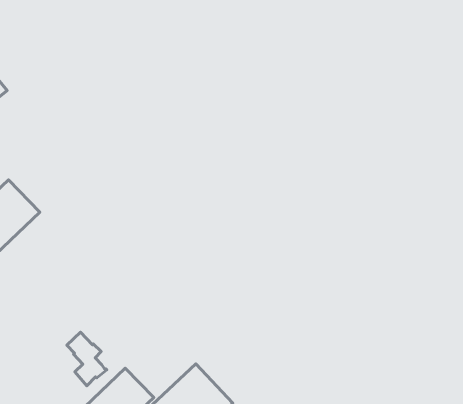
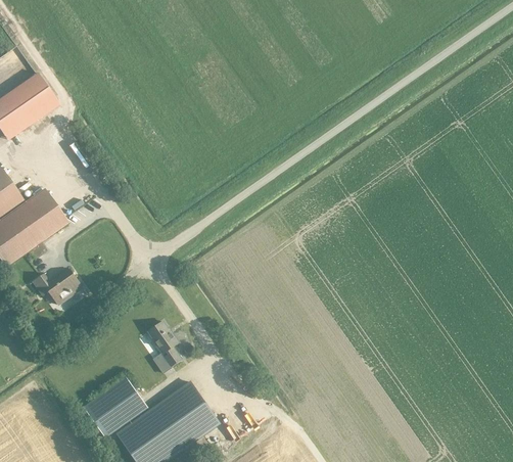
building: none -> [33,270,82,305]
building: [67,332,107,386] -> [148,321,182,371]

